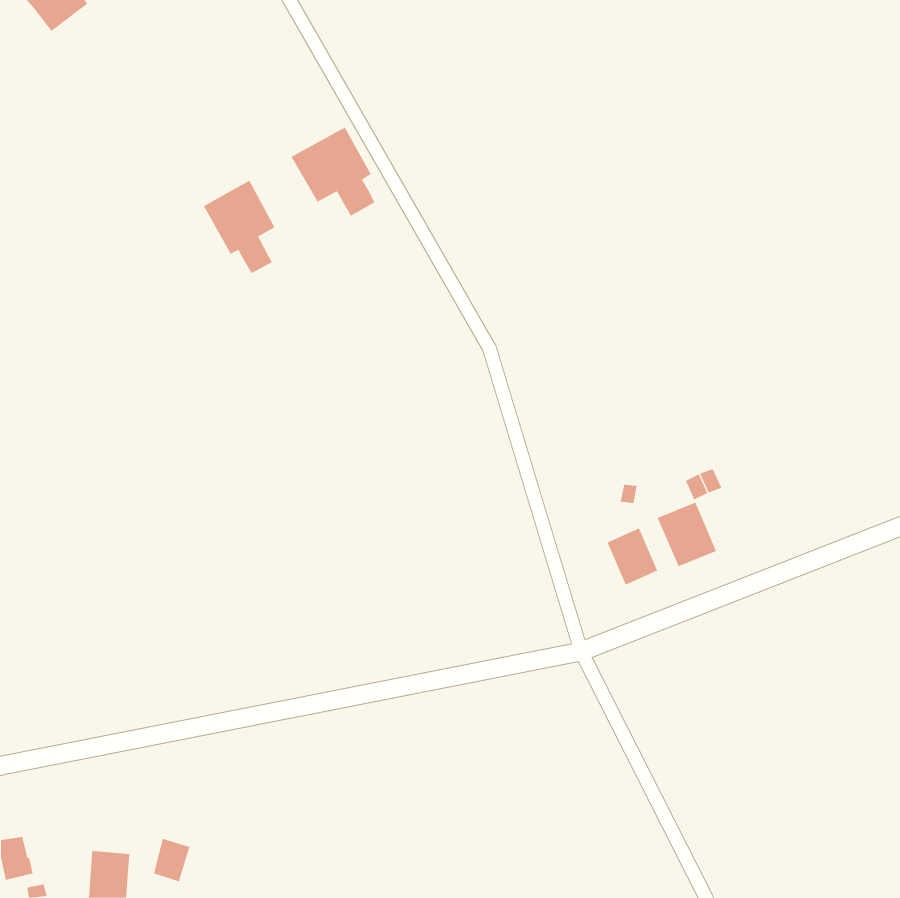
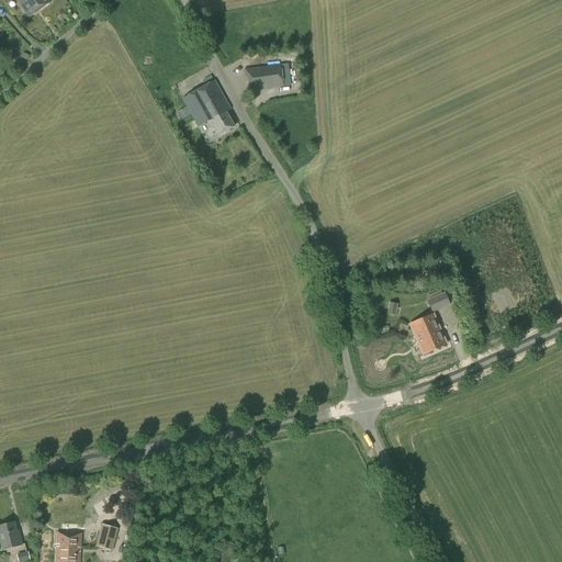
building: none -> [244,63,291,90]
building: [203,180,275,274] -> none
building: [607,528,658,585] -> none

